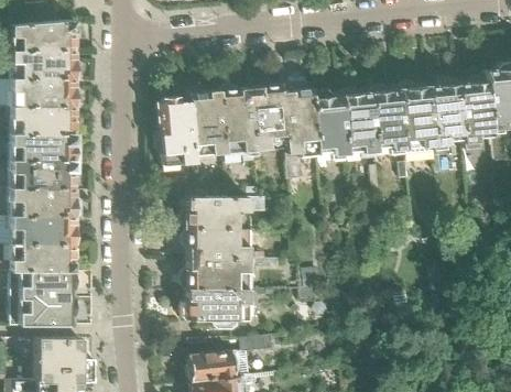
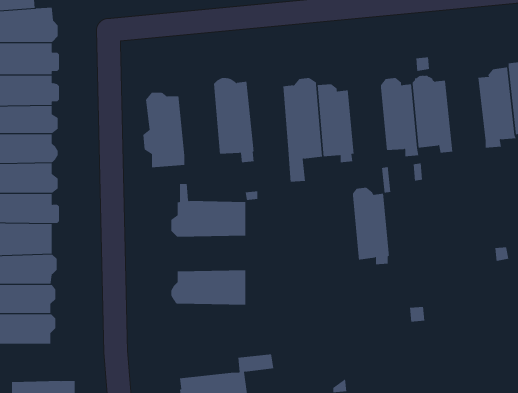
building: [427,78,463,152] -> none
building: [248,80,284,152] -> none
building: [185,87,222,155] -> none
building: [339,88,373,159] -> [352,187,390,265]
building: [180,228,247,260] -> none
building: [178,290,247,330] -> none
building: [34,338,79,360] -> none

